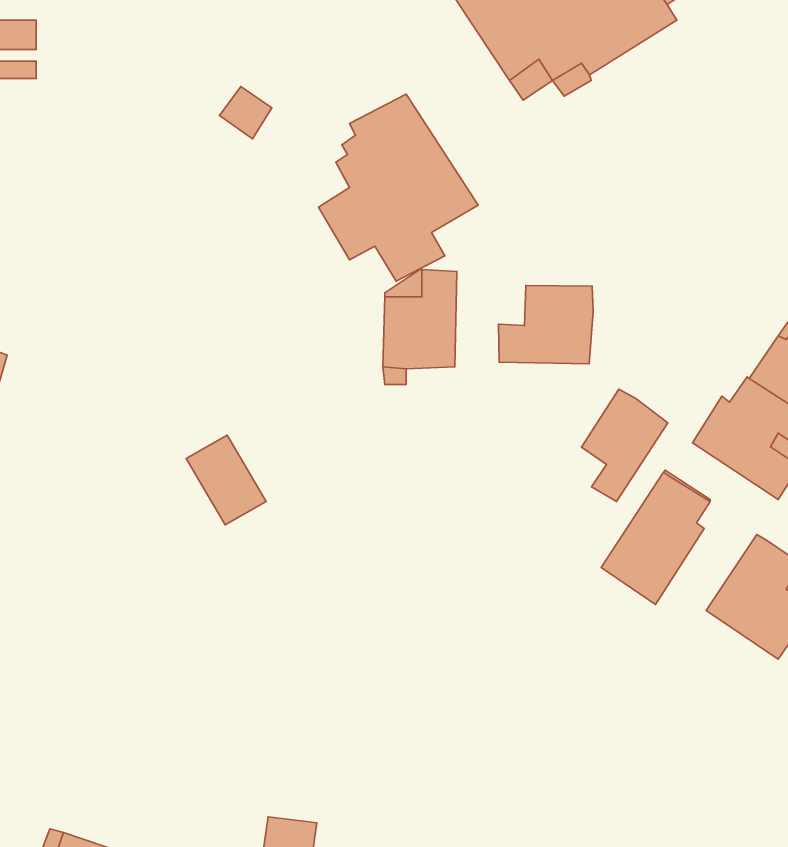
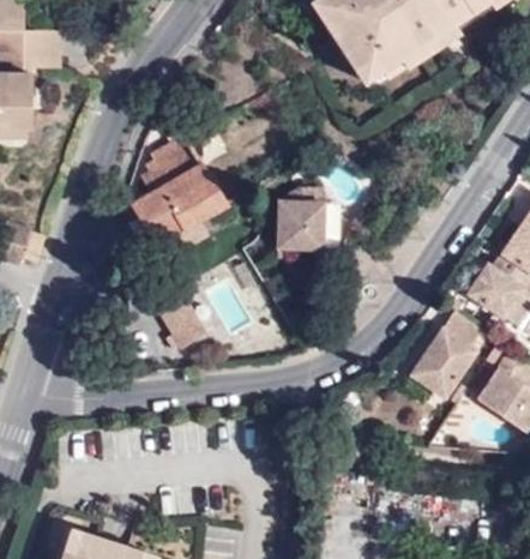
building: [318,94,478,281] -> [130,136,228,251]
building: [499,286,593,364] -> none
building: [581,389,668,502] -> none

